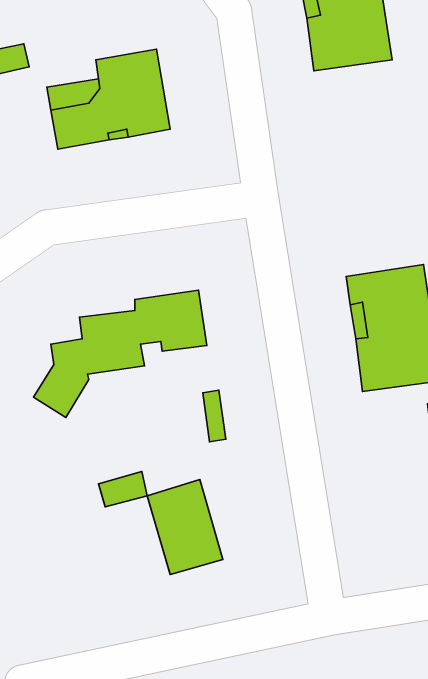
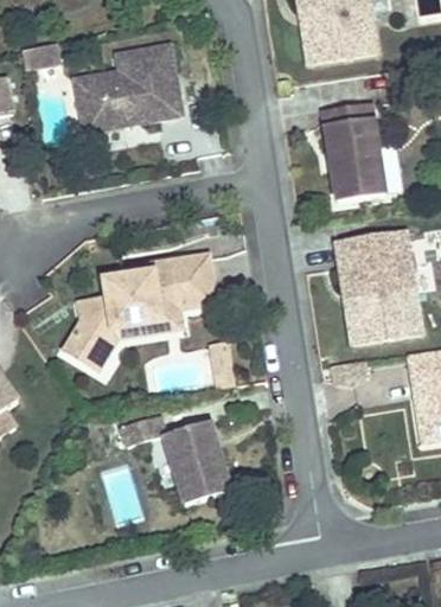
building: none -> [324,103,385,203]
building: none -> [91,300,179,370]

